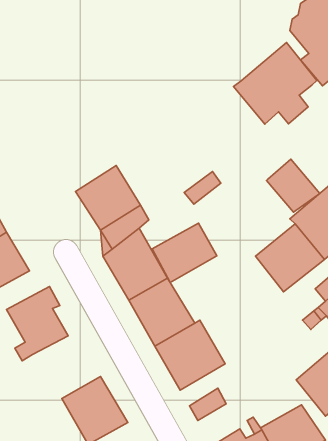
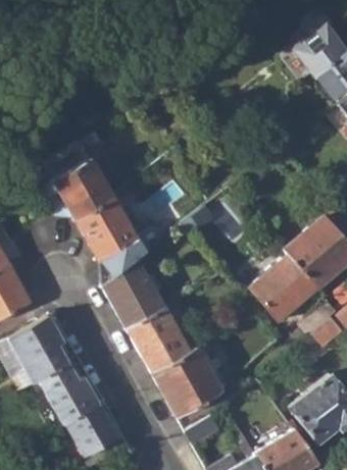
building: [233,43,317,124] -> none
building: none -> [51,158,115,222]
building: [266,159,320,212] -> none
building: [152,223,217,282] -> none
building: none -> [34,363,100,426]

